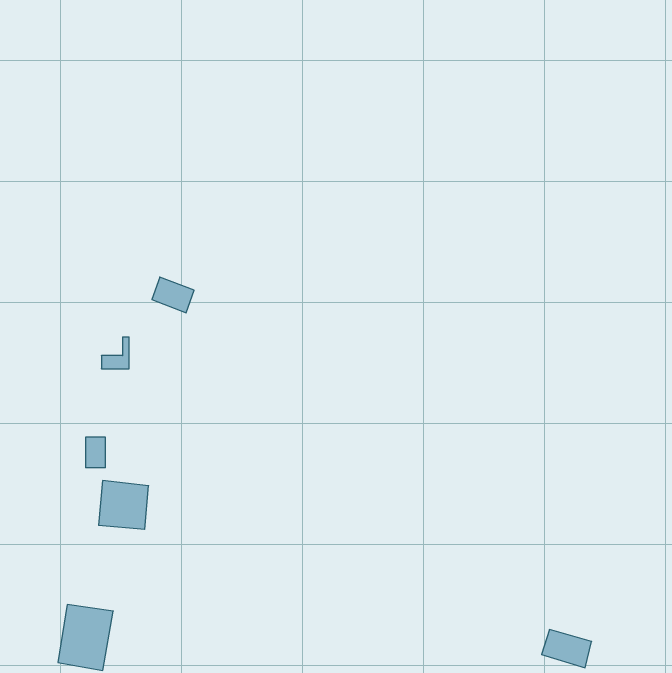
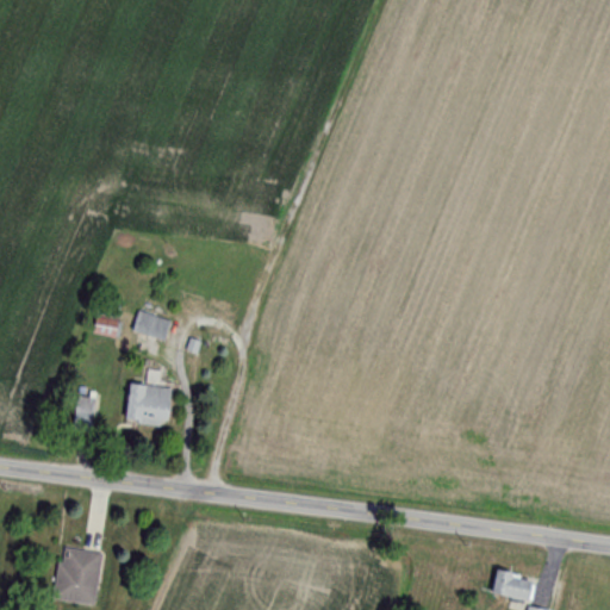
building: [152,277,194,313] -> [133,309,172,341]
building: [99,481,149,529] -> [126,381,172,425]

